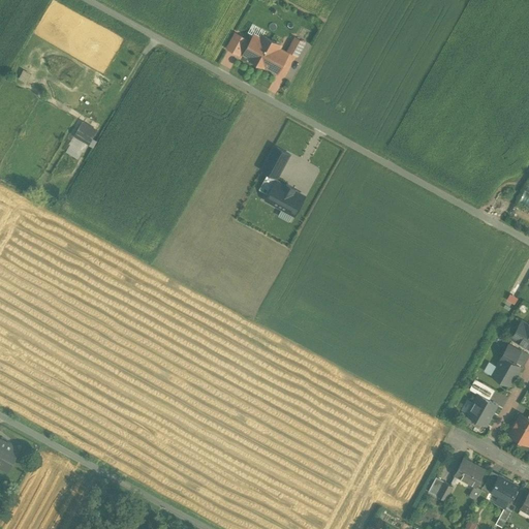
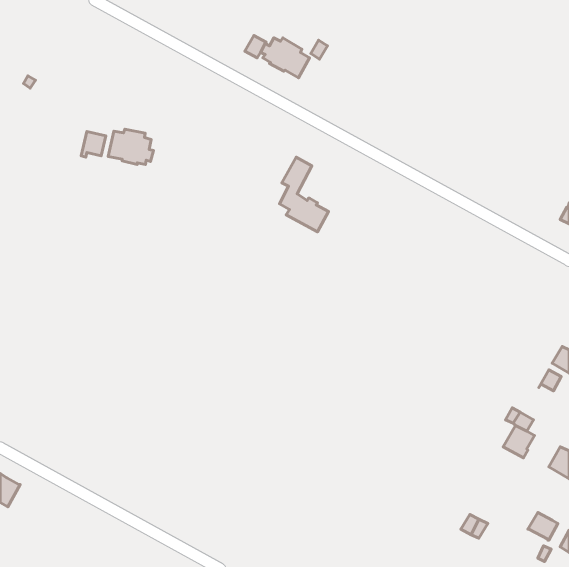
building: none -> [108,129,153,165]
building: [492,359,519,386] -> none
building: [455,460,485,488] -> none

